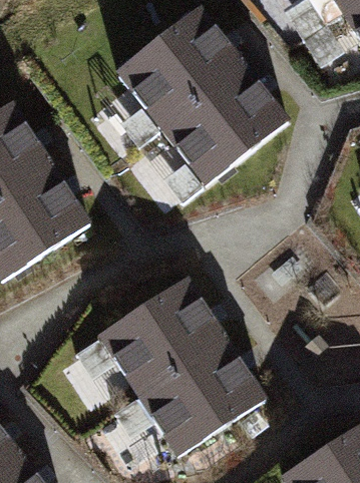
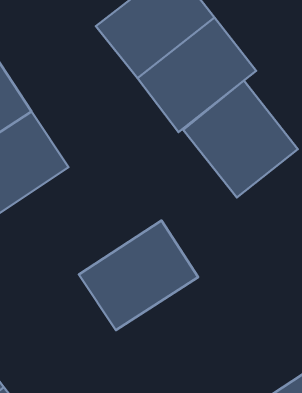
building: none -> [183,80,298,198]
building: [139,339,265,454] -> none

